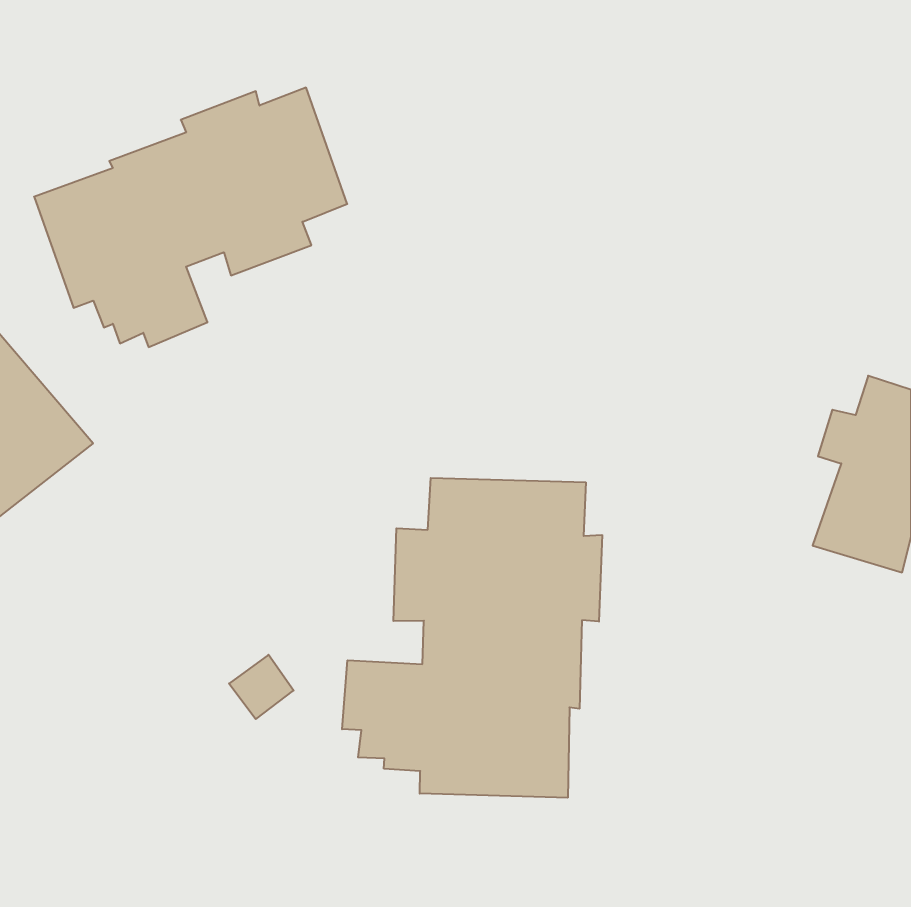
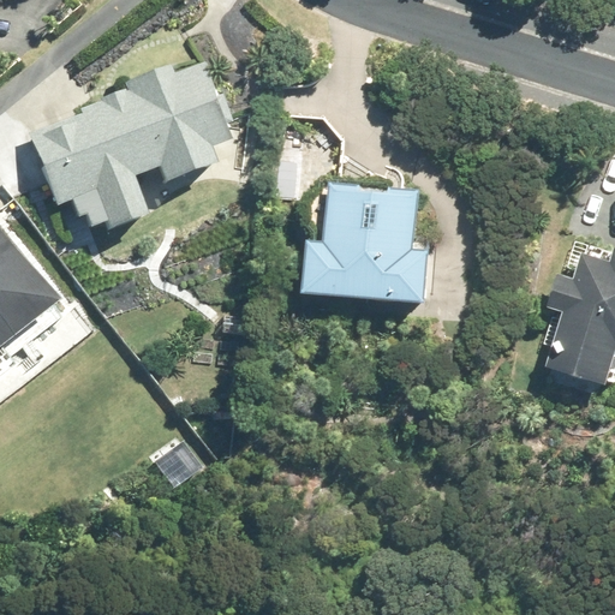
building: none -> [303,181,432,304]
building: [342,478,602,798] -> none

